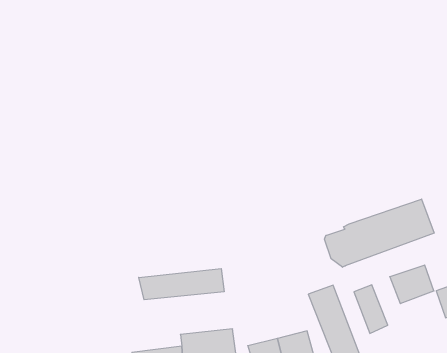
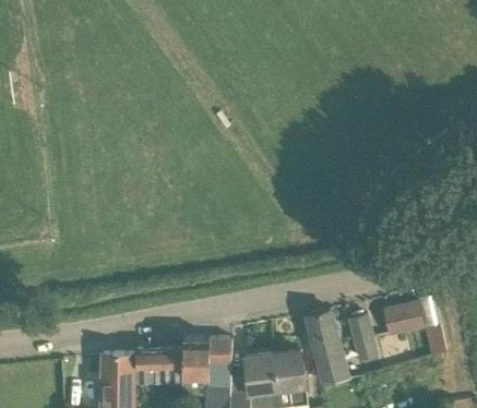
building: [324,199,434,267] -> none
building: [139,269,224,300] -> none

